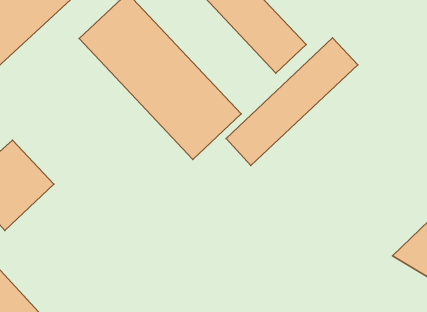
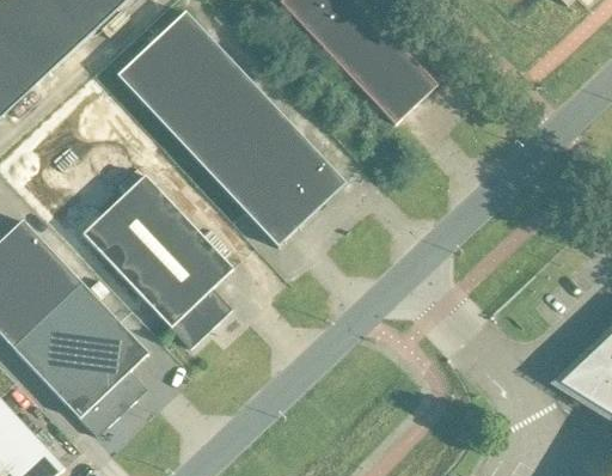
building: [226,38,358,165] -> none
building: none -> [82,173,233,347]
building: none -> [12,280,148,435]

